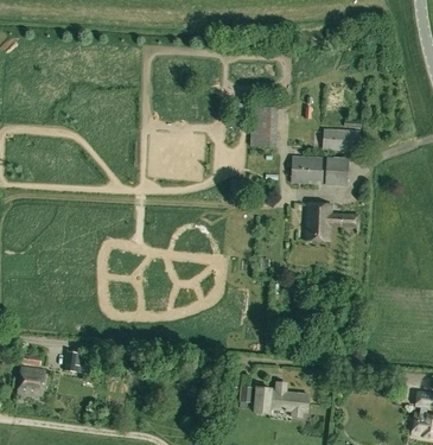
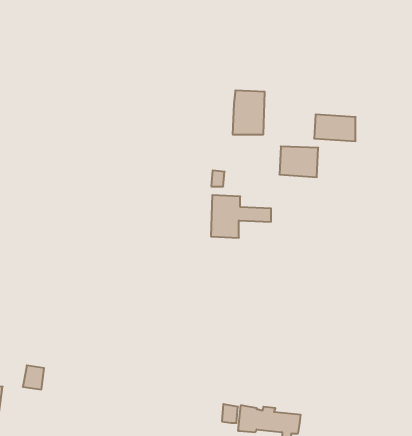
building: [325,157,349,186] -> none
building: [305,203,358,241] -> [211,195,271,238]

